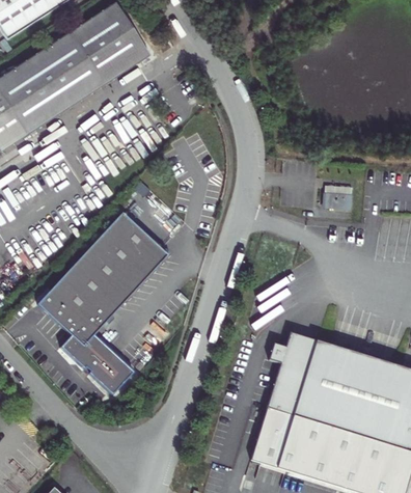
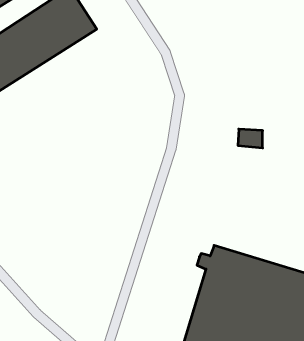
building: [36,212,168,393] -> none

